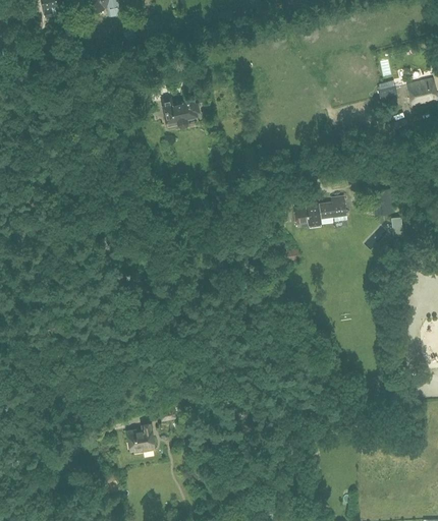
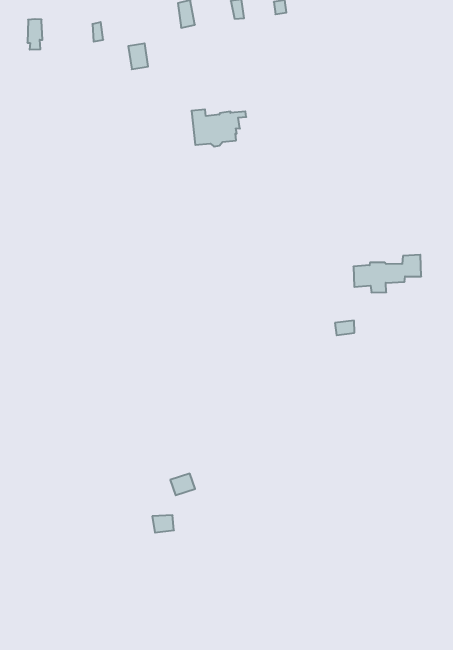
building: [127,423,156,453] -> none

